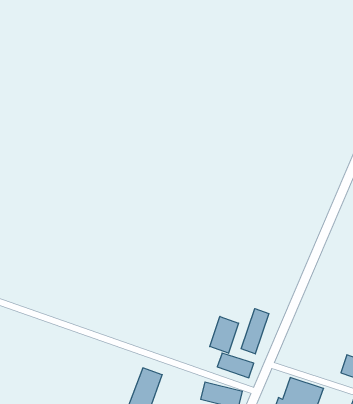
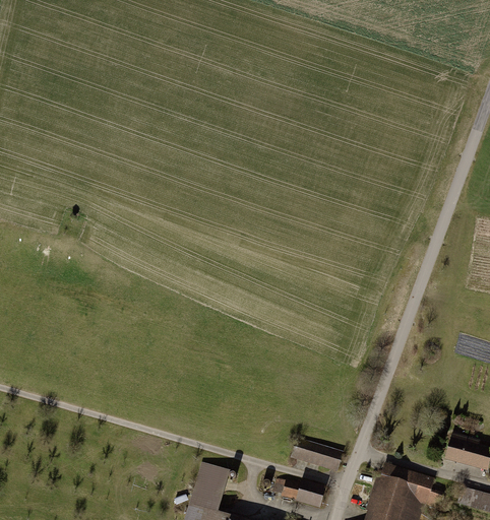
building: [241,309,269,354] -> none
building: [210,316,239,353] -> none

